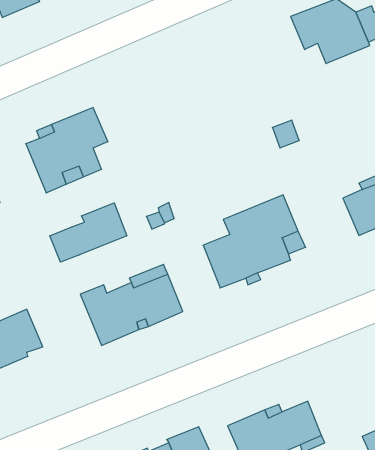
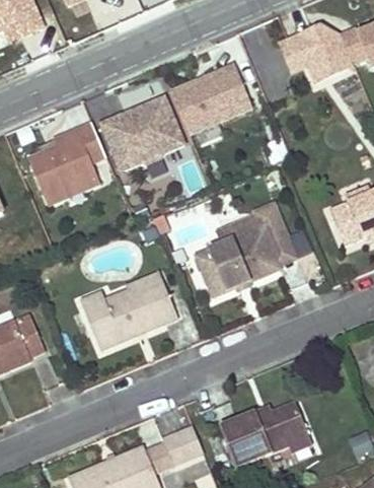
building: none -> [171,64,253,133]
building: none -> [101,95,184,169]
building: [50,203,127,262] -> none

